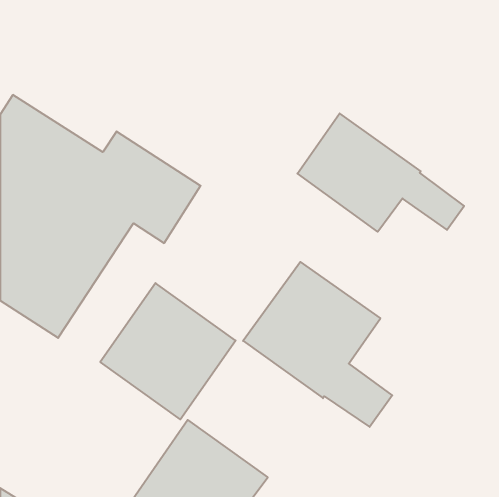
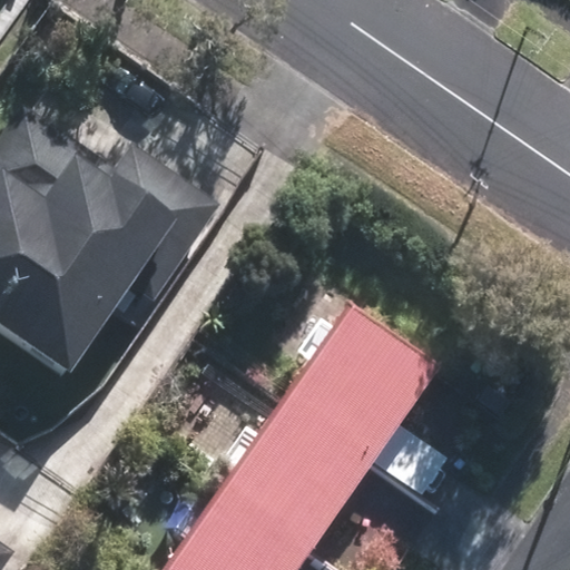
building: [297,113,464,232] -> none
building: [100,283,236,419] -> [218,393,371,547]

